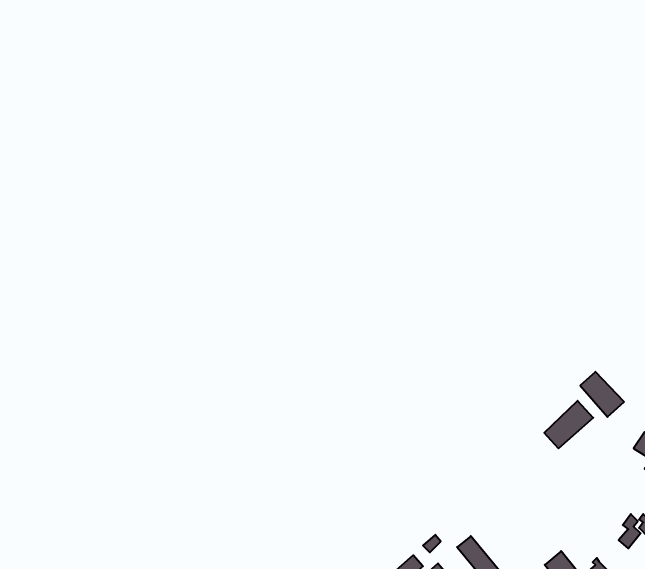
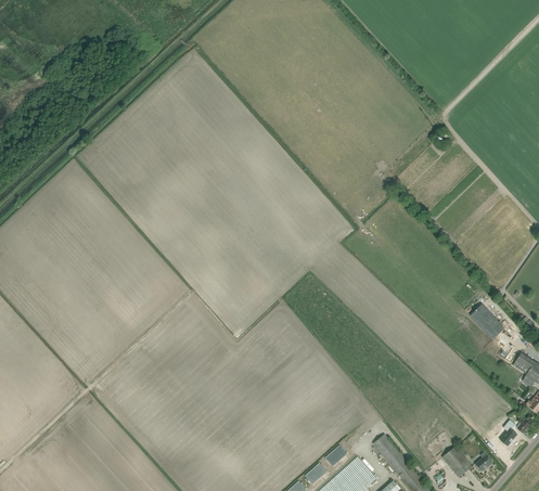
building: [544,401,593,448] -> none

